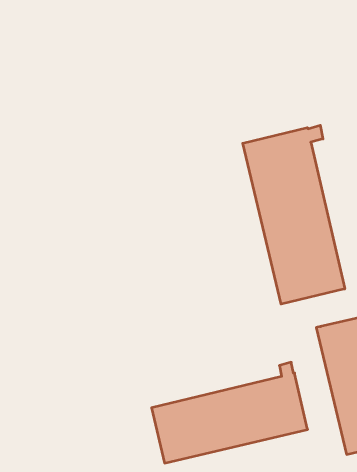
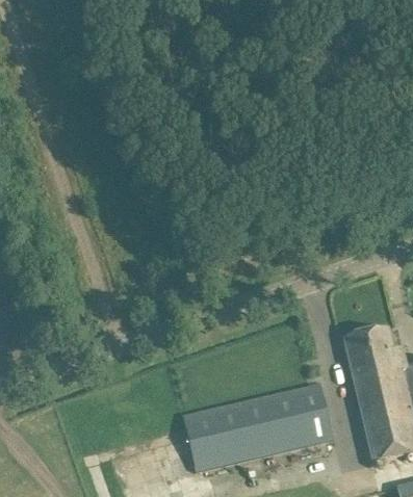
building: [243,125,345,304] -> none

